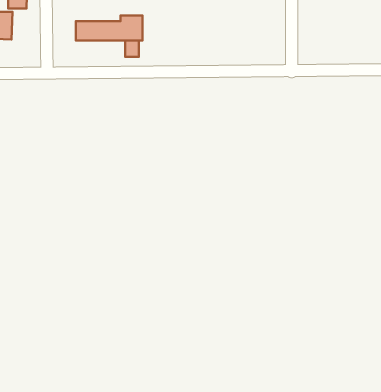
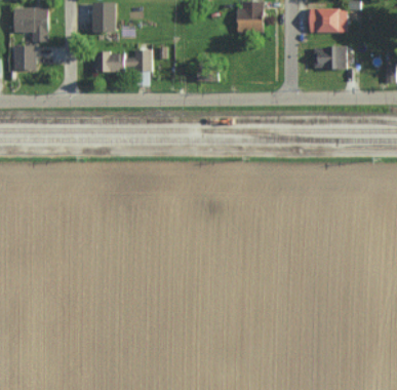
building: none -> [313,46,346,70]

